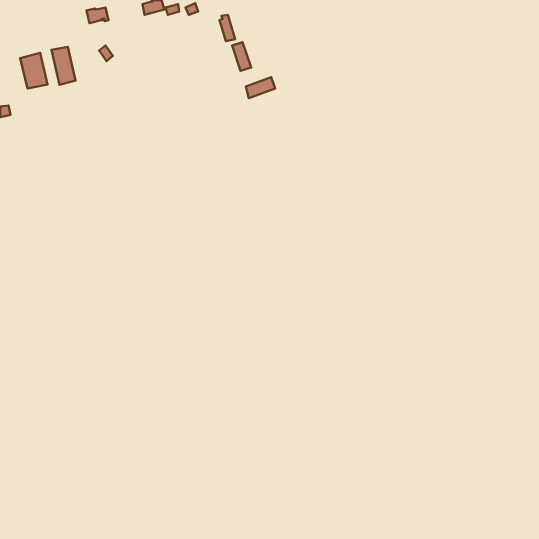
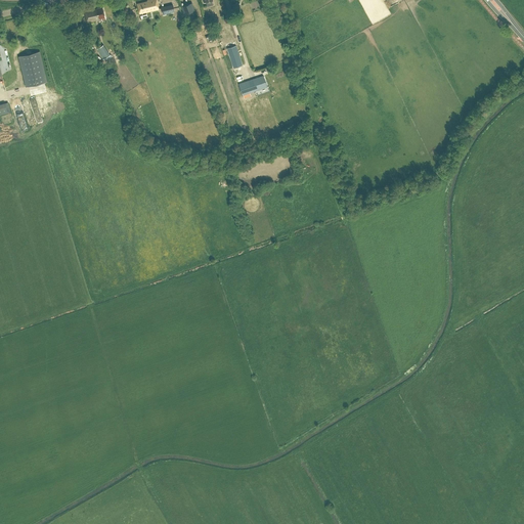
building: [51,47,75,85] -> none

